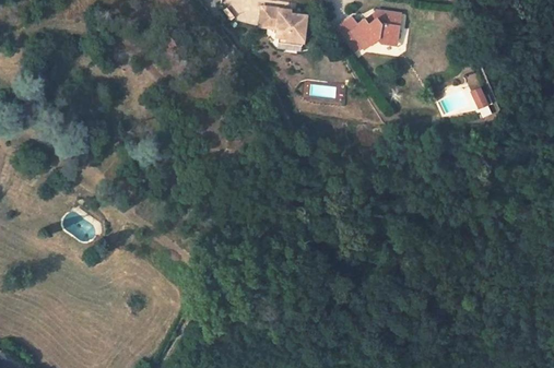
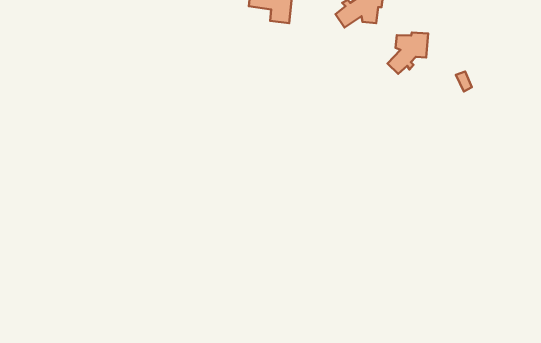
building: none -> [388,33,428,74]

